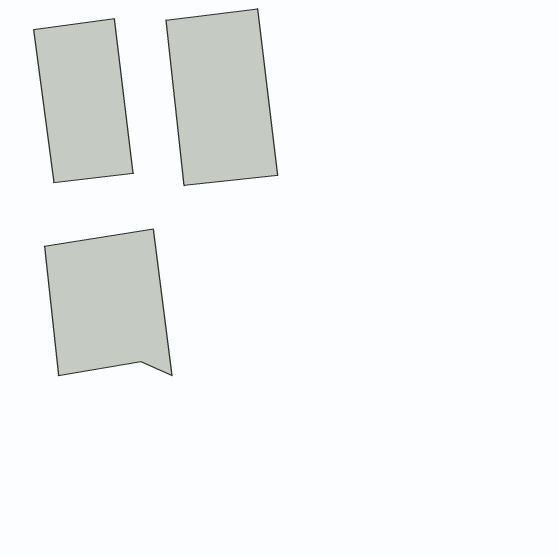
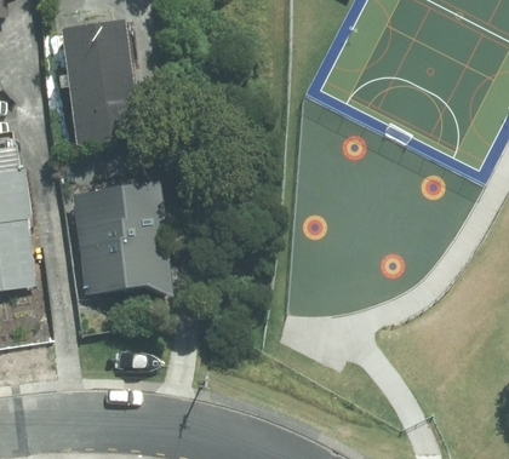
building: [166,9,278,186] -> none

